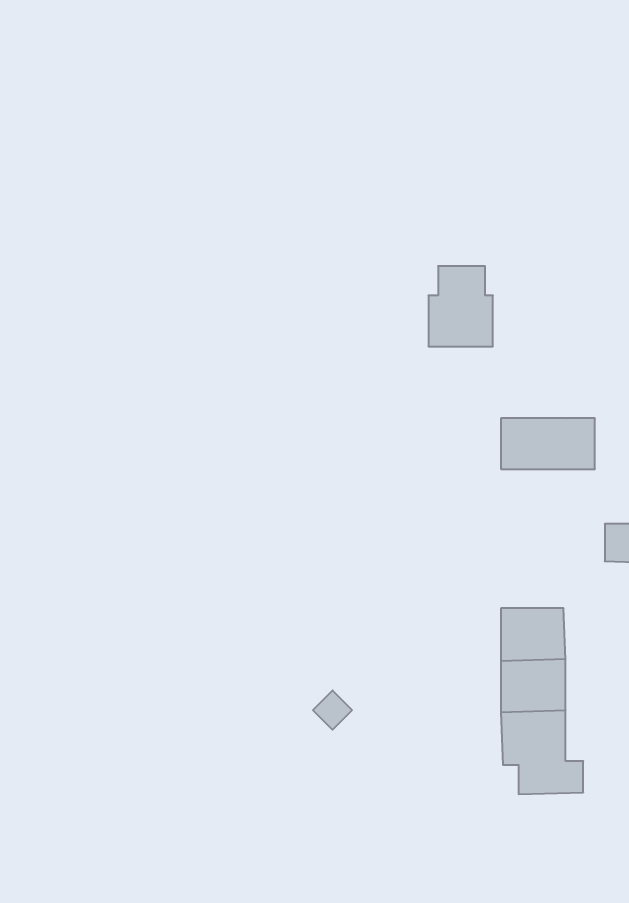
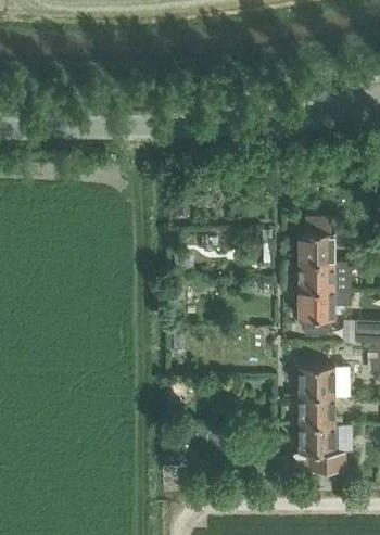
building: [428,266,493,346] -> [299,219,334,264]
building: none -> [299,292,351,336]

